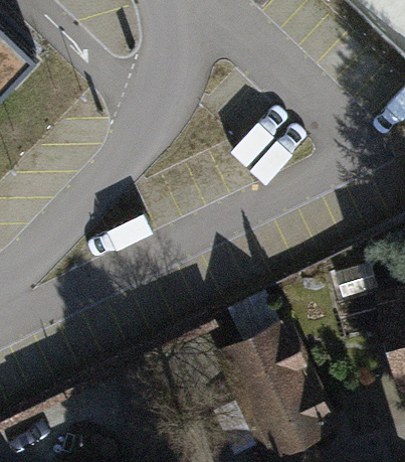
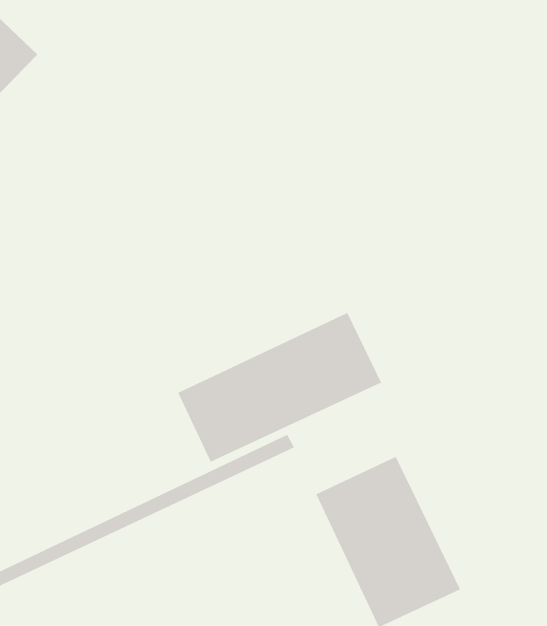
building: none -> [177,312,382,463]

